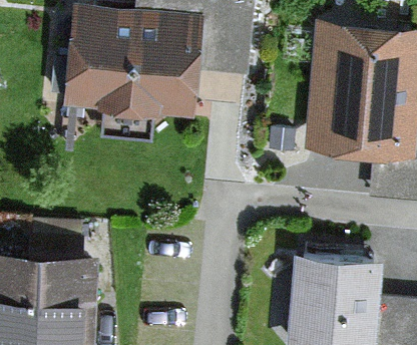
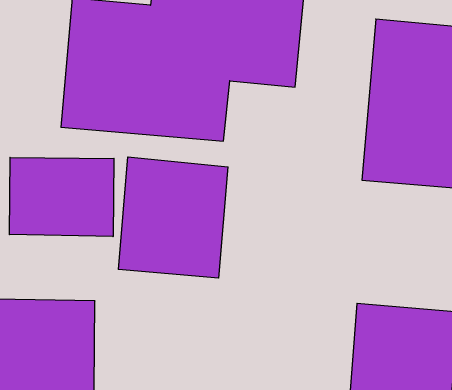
building: none -> [118,157,228,278]
building: none -> [9,157,114,237]

